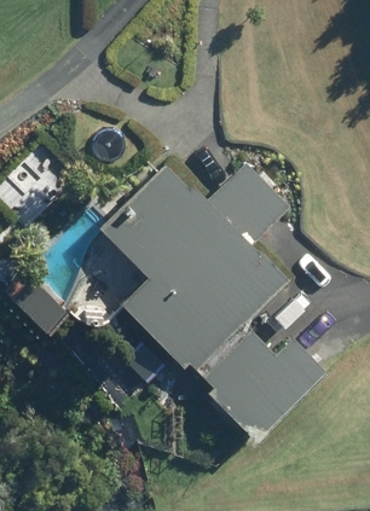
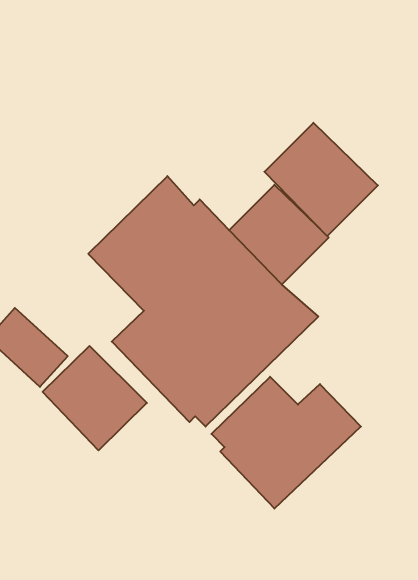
building: none -> [264,123,378,236]
building: none -> [43,346,147,450]

